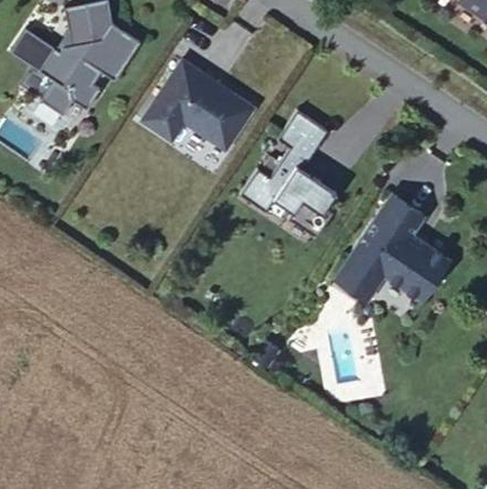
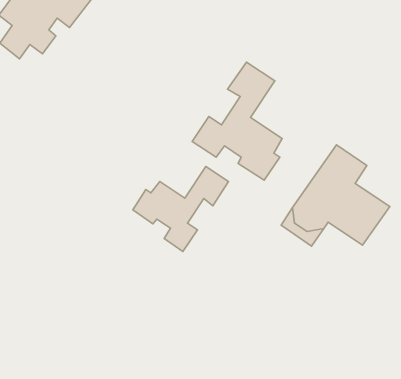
building: [142,61,254,150] -> none
building: none -> [133,167,228,251]

